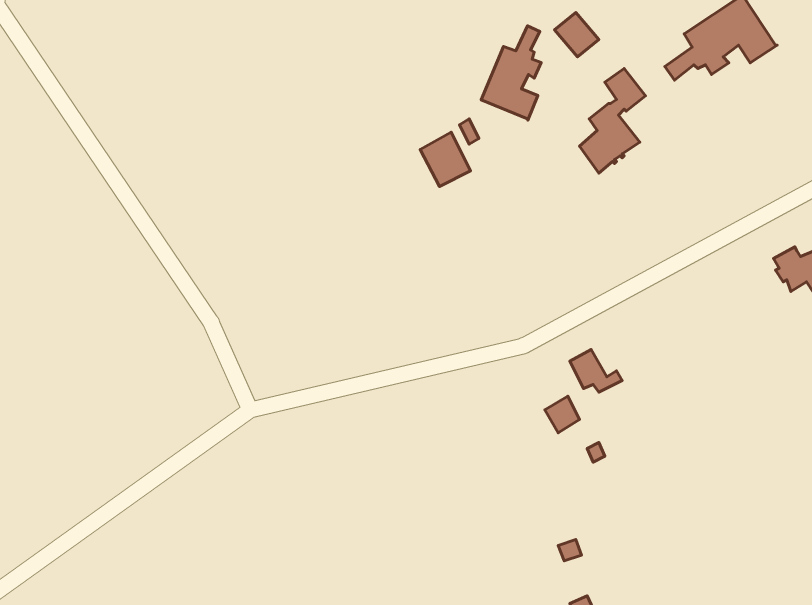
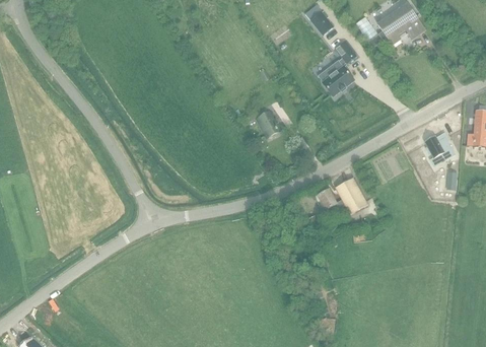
building: [481,26,541,120] -> none
building: [420,132,471,186] -> [256,109,282,137]
building: none -> [335,177,368,213]

